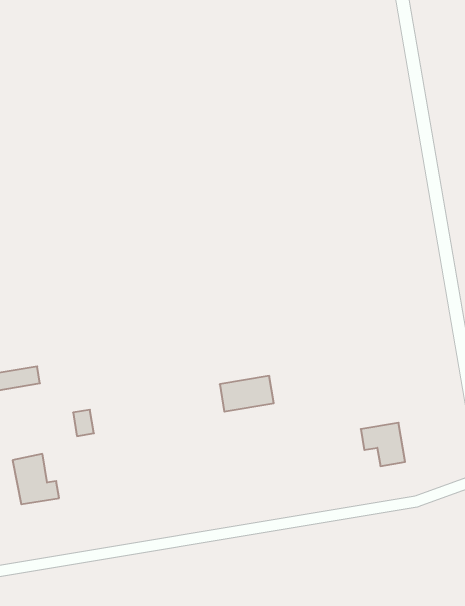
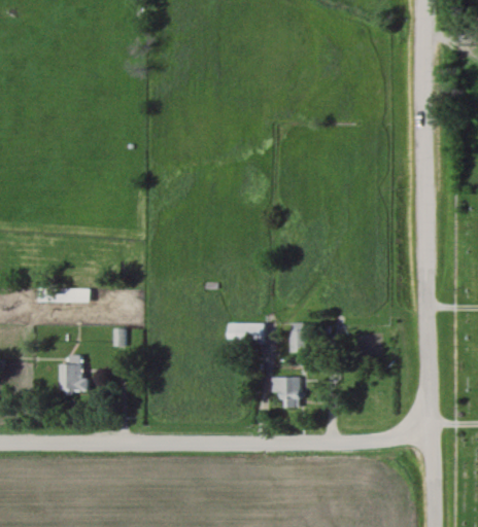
building: none -> [288,324,306,353]
building: [361,423,405,466] -> [270,378,300,409]

